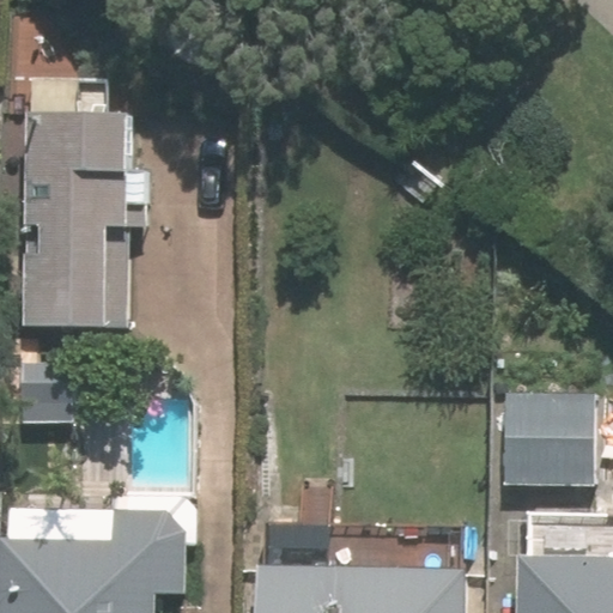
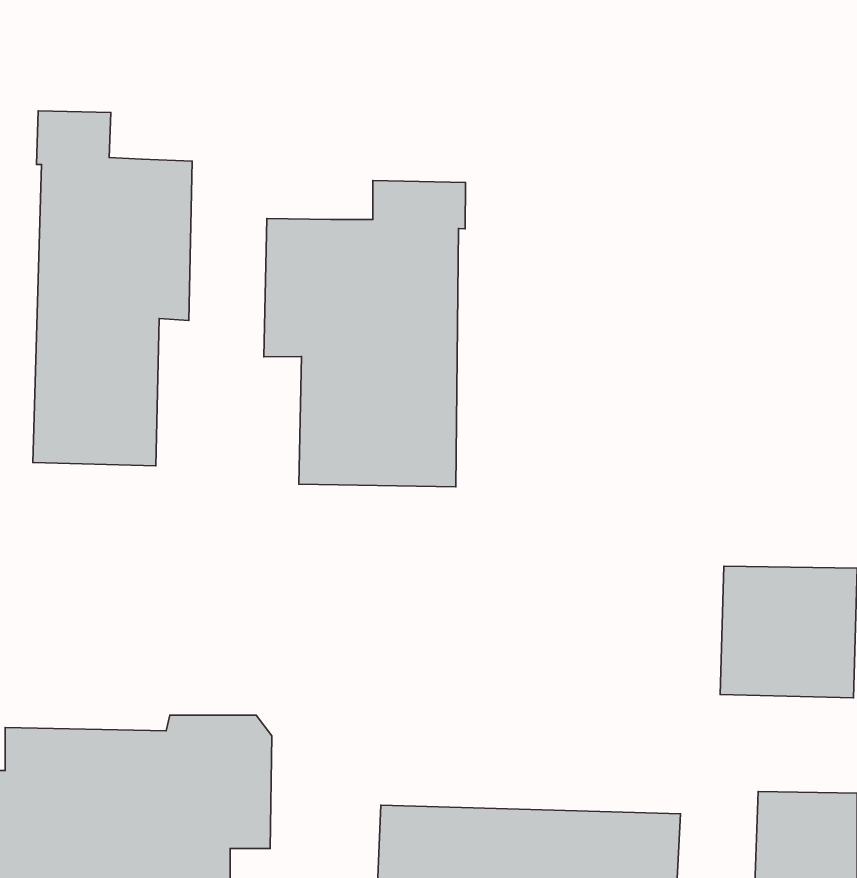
building: none -> [264,180,466,487]

